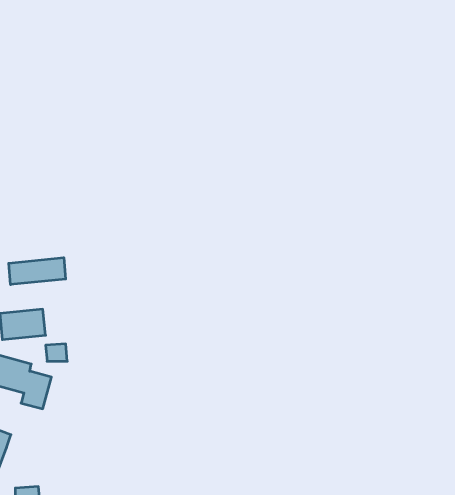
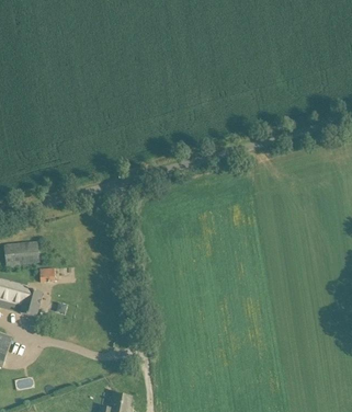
building: [9,258,66,285] -> none

